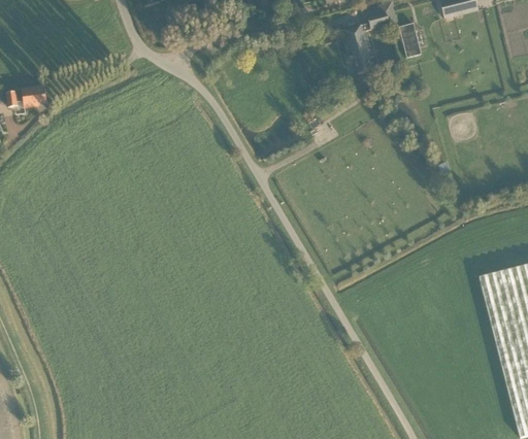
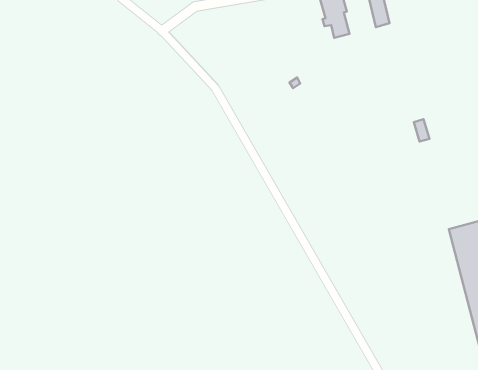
building: [8,86,47,108] -> none

